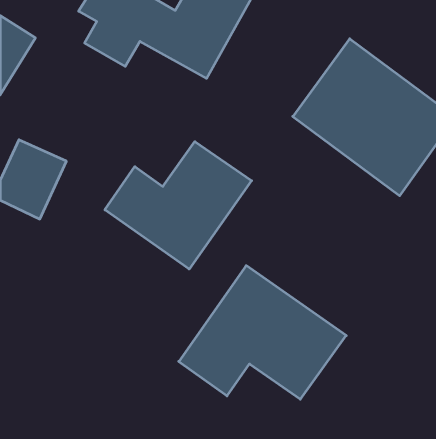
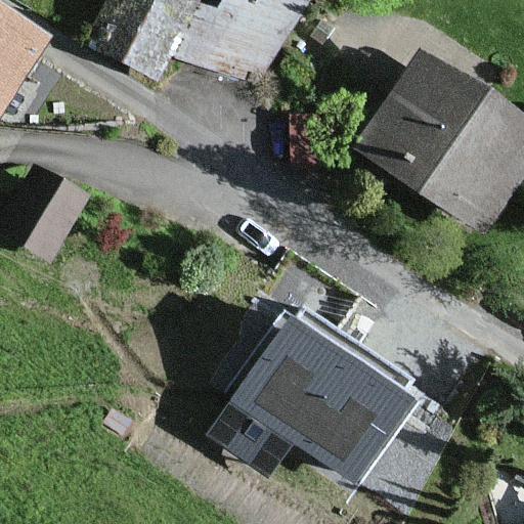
building: [105,142,252,269] -> none

